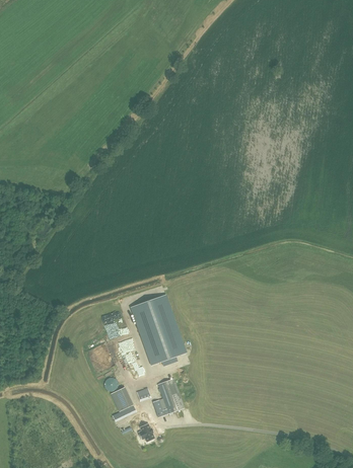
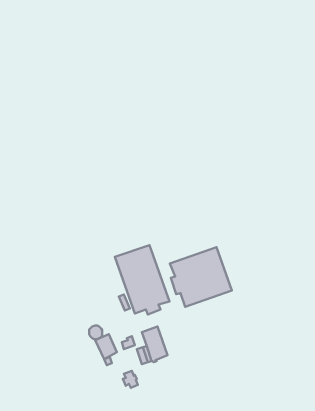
building: none -> [170,247,232,307]

